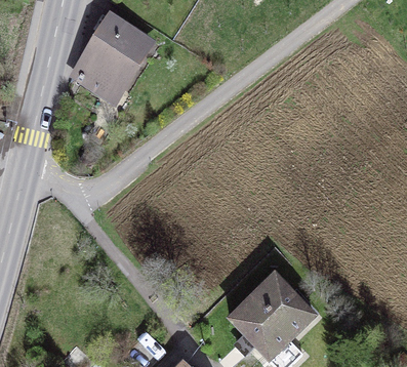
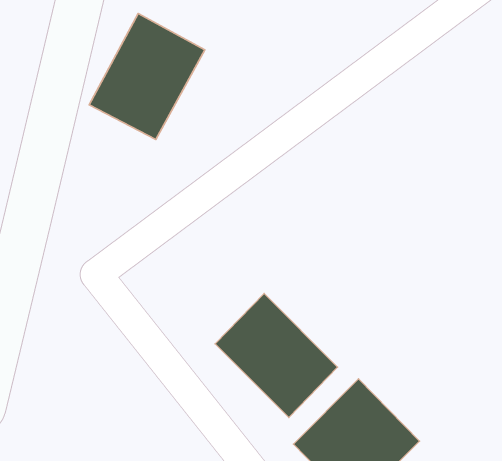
building: none -> [215,293,338,418]

